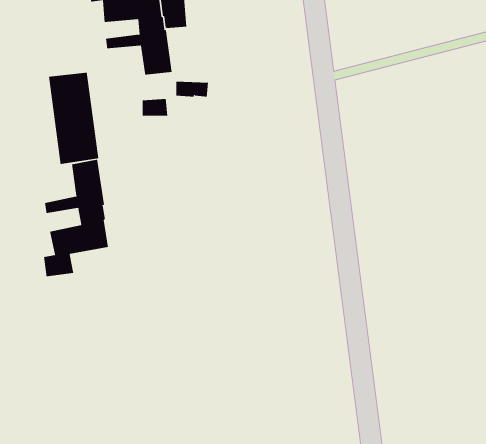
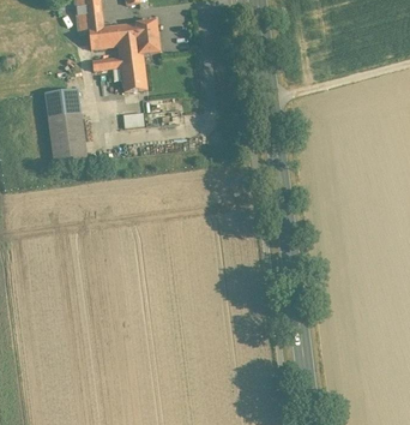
building: [43,159,109,277] -> none

